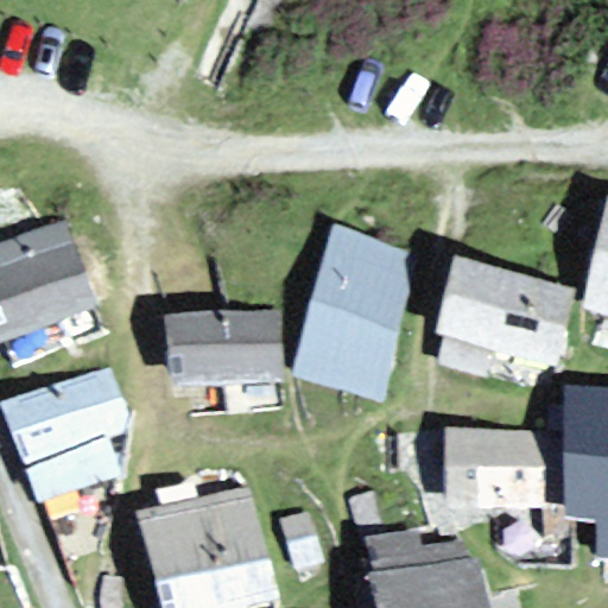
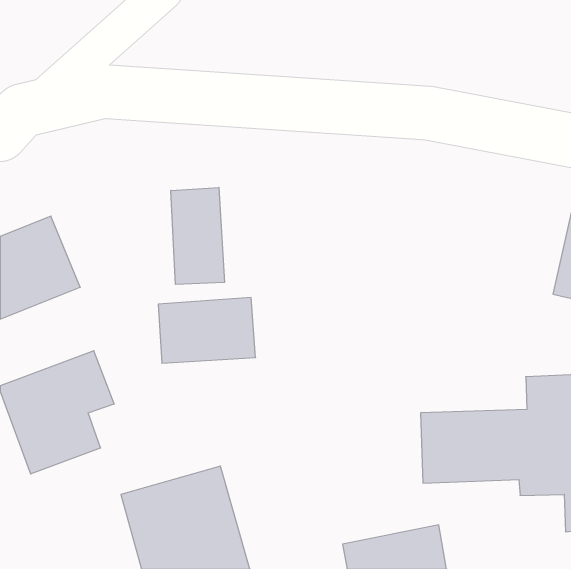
building: none -> [171,187,225,284]
building: [300,232,414,386] -> none
building: [436,268,569,363] -> none

